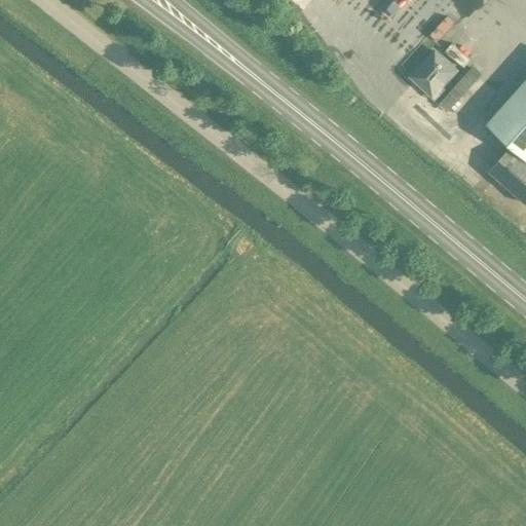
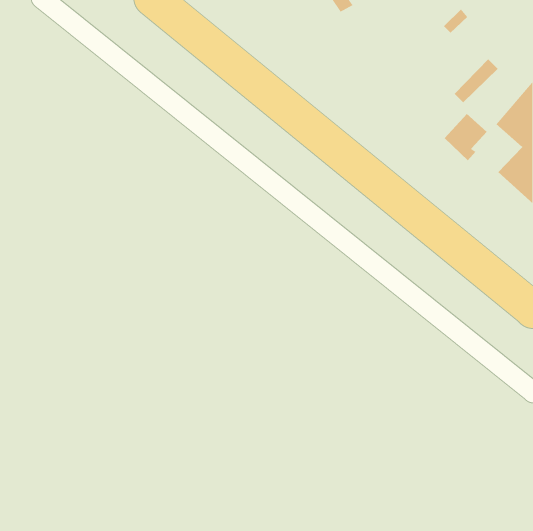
building: [414,51,457,99] -> [444,113,488,161]

